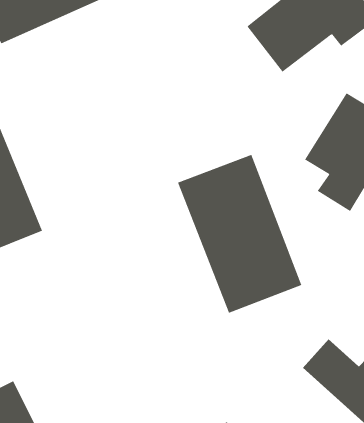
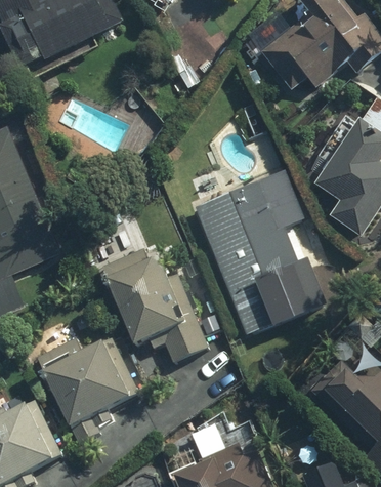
building: none -> [107,254,208,360]
building: none -> [46,336,137,422]

